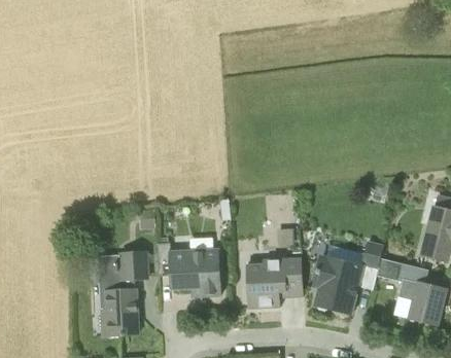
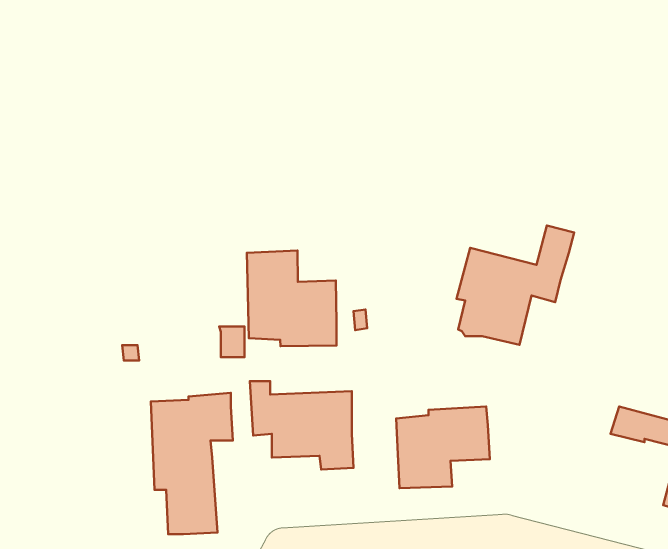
building: none -> [247,250,337,346]
building: [313,242,384,314] -> [457,226,574,345]

